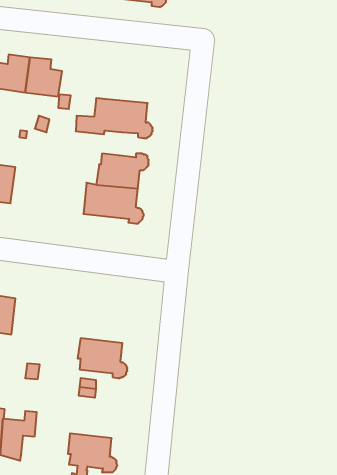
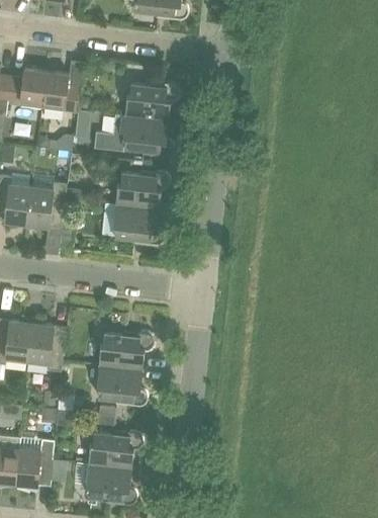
building: none -> [124,83,179,119]
building: none -> [25,181,66,229]
building: none -> [26,323,66,371]
building: none -> [98,333,153,369]
building: none -> [87,431,141,468]

